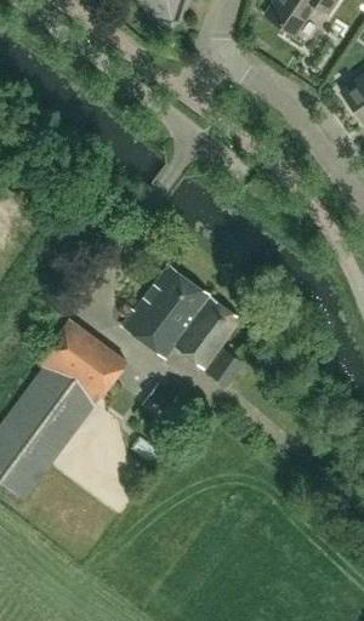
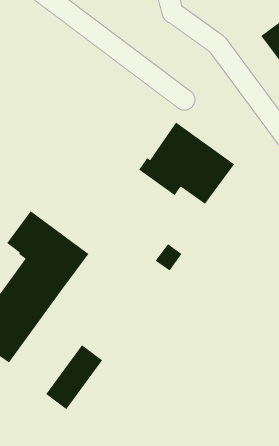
building: [118,264,239,369] -> [138,121,235,205]
building: none -> [45,344,103,410]

